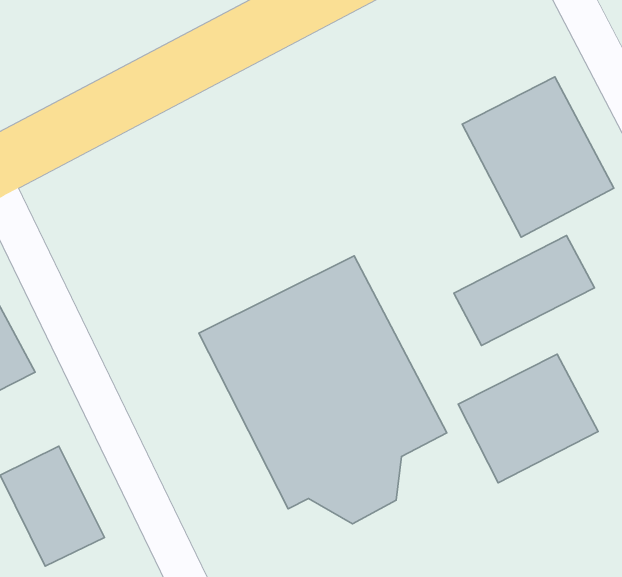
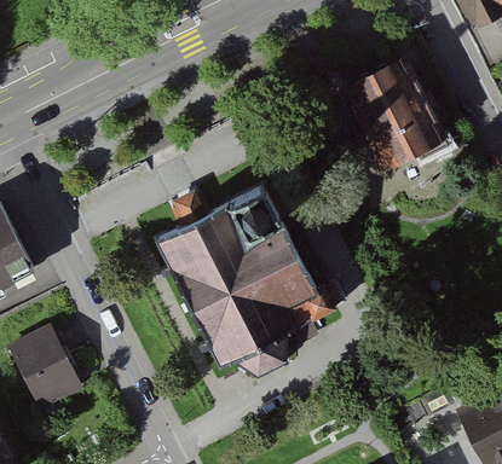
building: [454,236,594,345] -> none
building: [458,354,598,483] -> none

